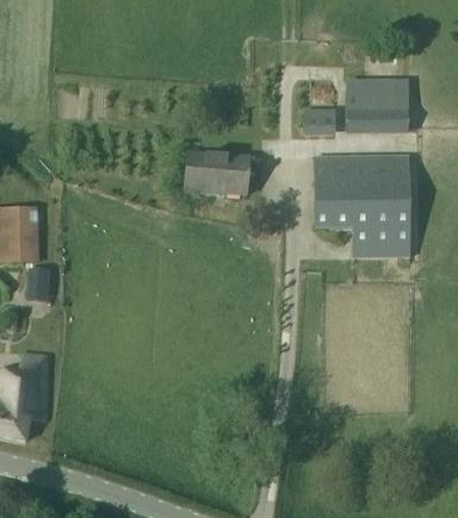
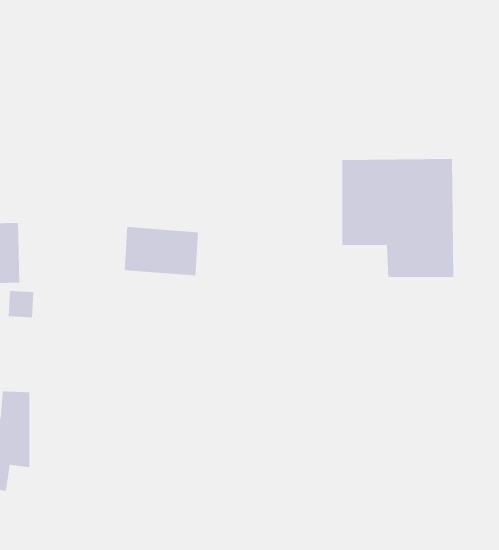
building: [347,79,410,135] -> none
building: [305,107,336,135] -> none
building: [185,151,249,194] -> [124,226,199,276]

